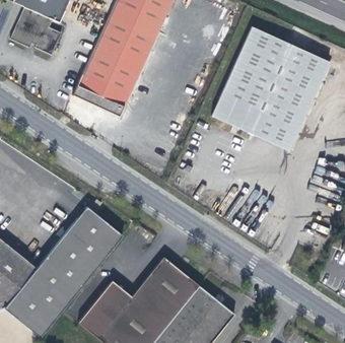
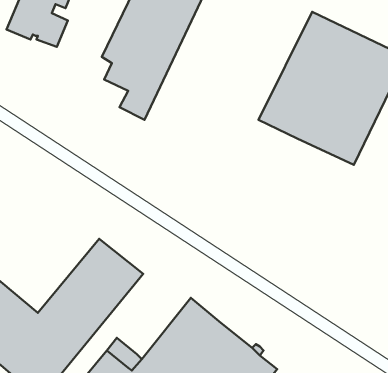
building: [76,61,111,101] -> none

